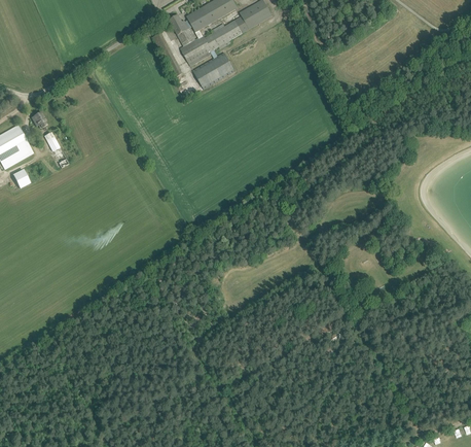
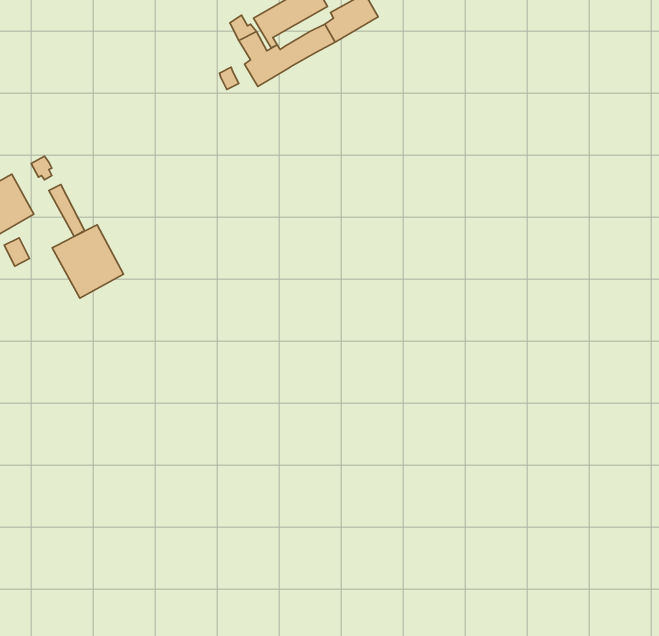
building: [190,49,234,89] -> none
building: none -> [52,225,124,298]

